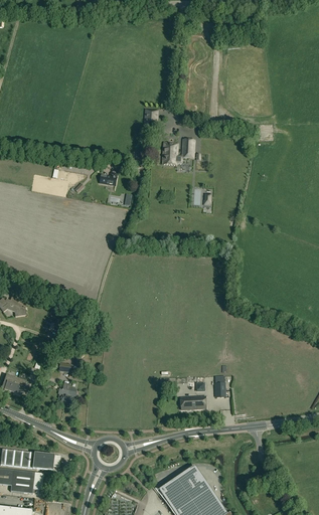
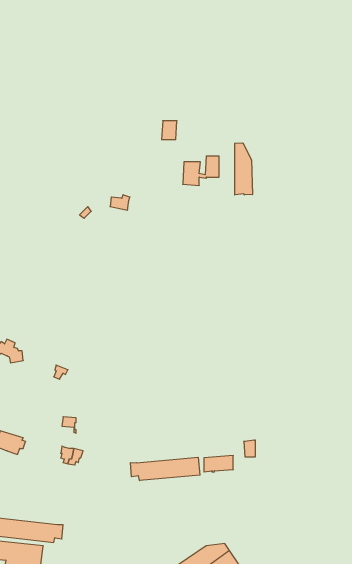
building: none -> [235,143,252,195]
building: none -> [131,457,200,481]

